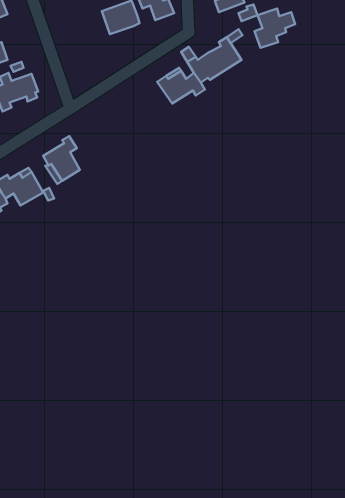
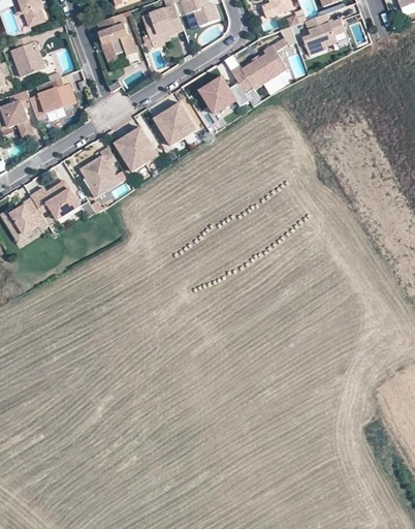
building: none -> [94,12,134,62]
building: none -> [153,101,196,145]
building: none -> [115,126,158,170]

